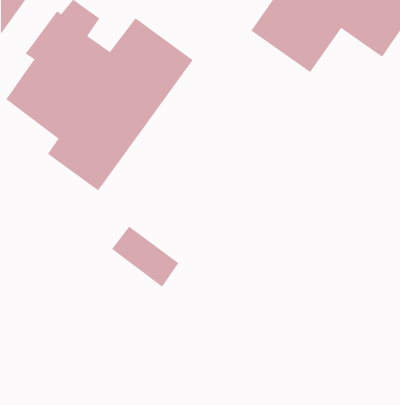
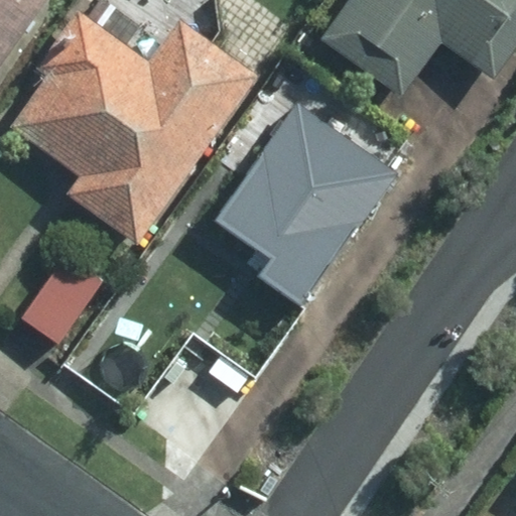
building: none -> [218,124,359,304]

